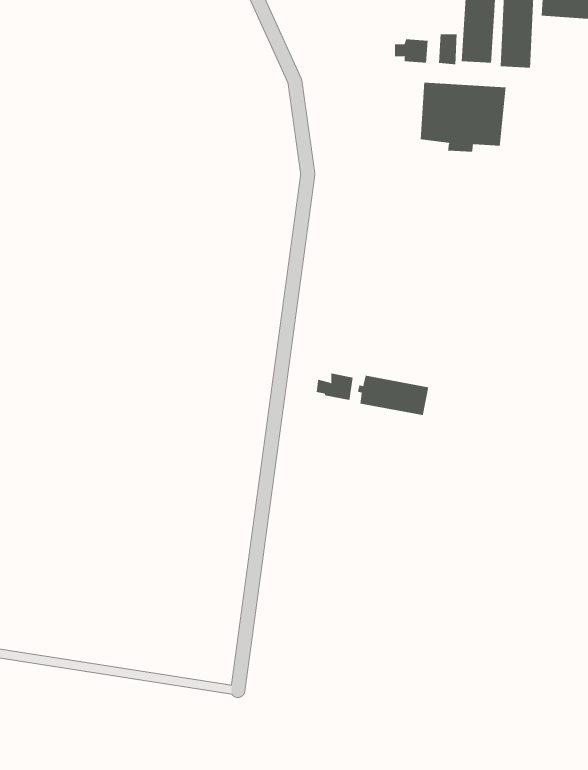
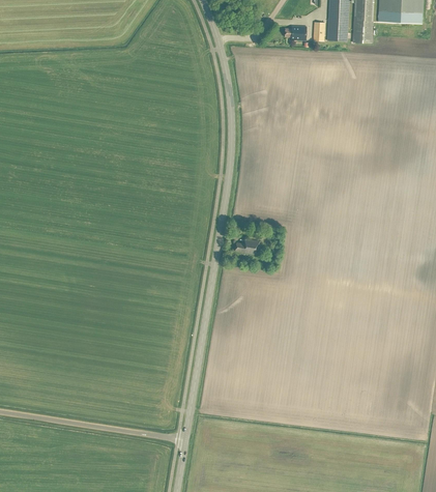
building: [420,82,506,152] -> none
building: [357,375,429,416] -> none

